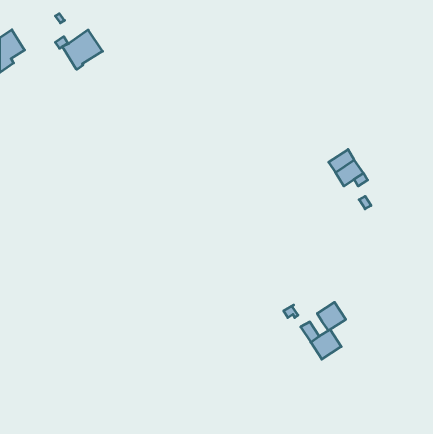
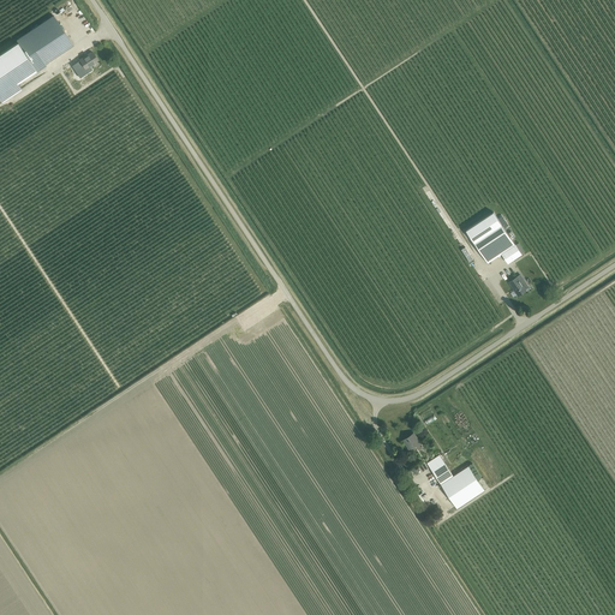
building: [62,30,103,69] -> [14,16,72,71]
building: [317,302,346,331] -> none

